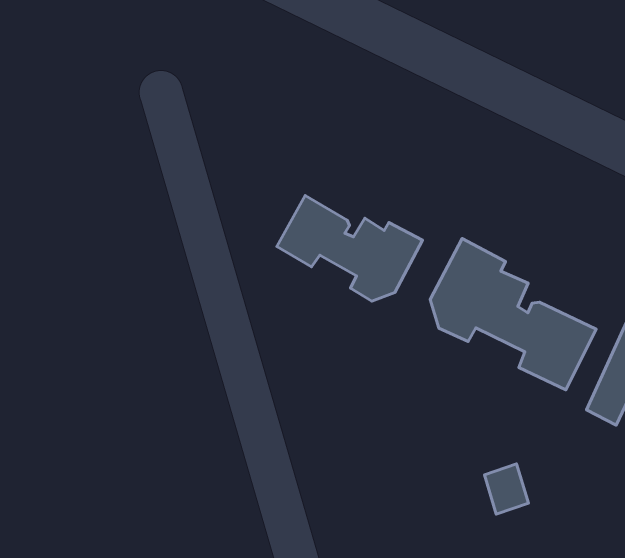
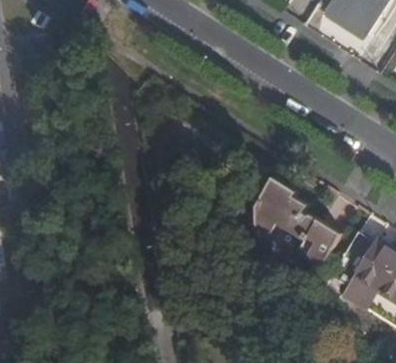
building: [277,195,423,301] -> none

